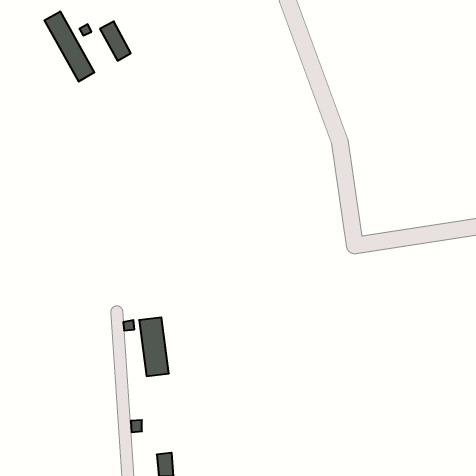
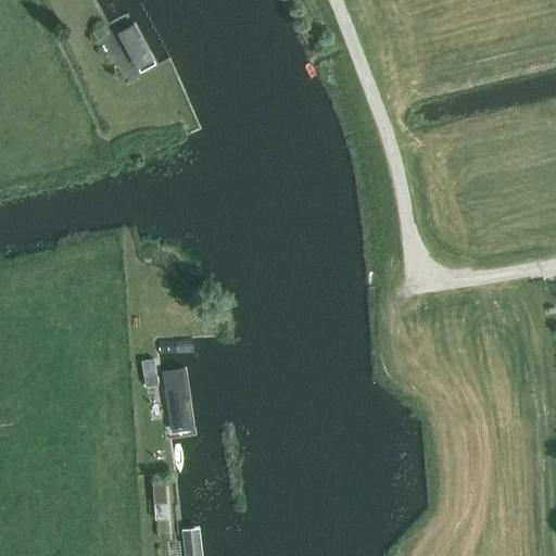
building: [44,11,94,82] -> none

